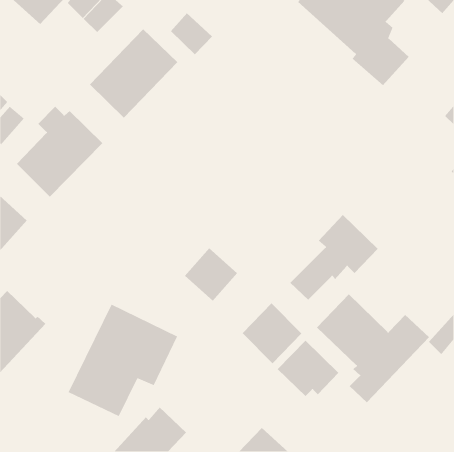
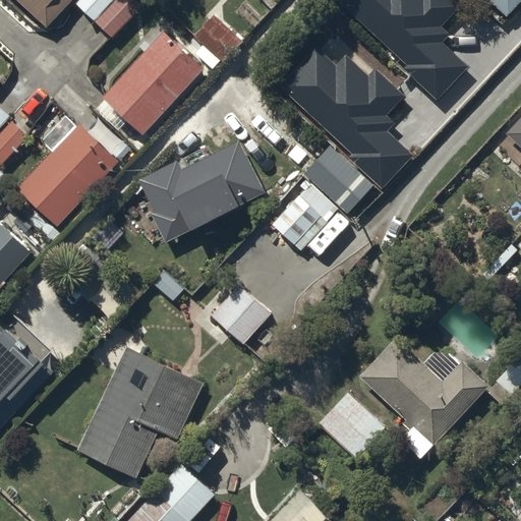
building: none -> [276,44,411,184]
building: none -> [139,141,264,244]
building: [289,214,378,300] -> [272,146,373,244]
building: [242,303,302,364] -> none

